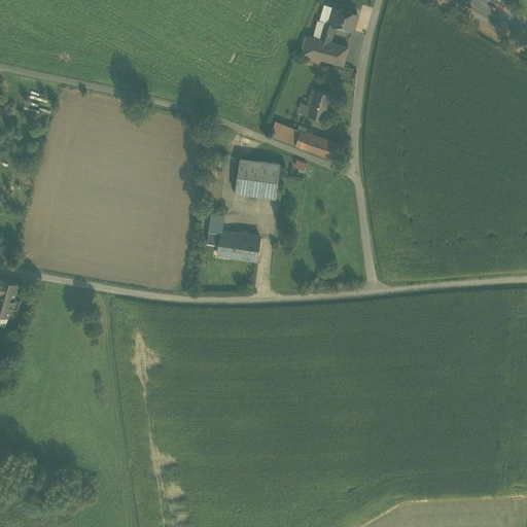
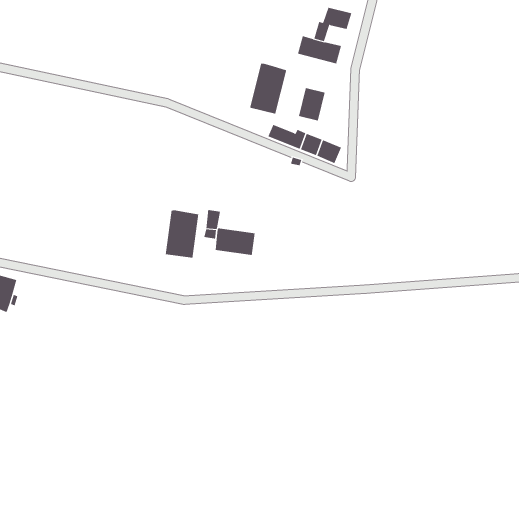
building: none -> [249,63,287,115]
building: [234,159,279,197] -> none
building: none -> [165,210,199,258]

